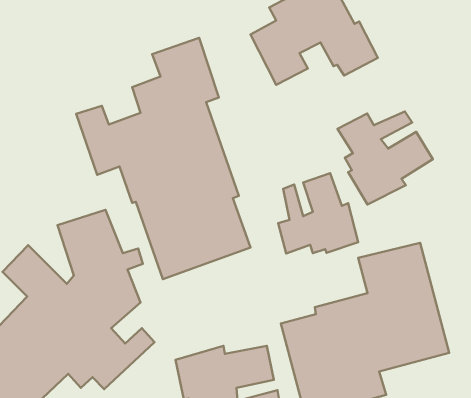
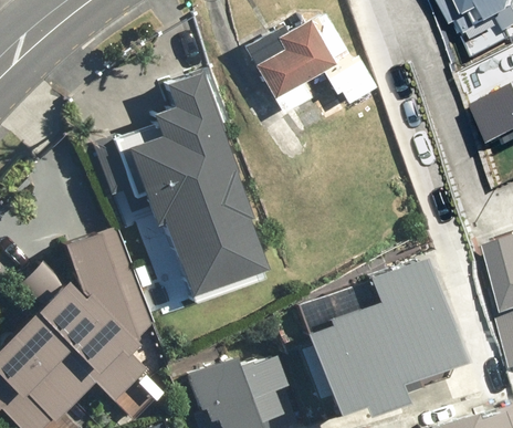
building: [338,111,433,204] -> none
building: [278,173,358,253] -> none

